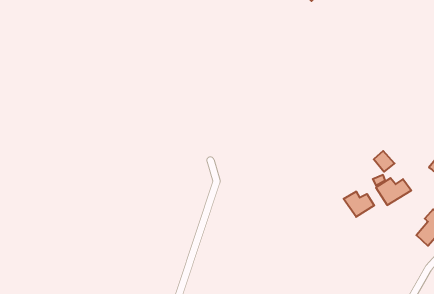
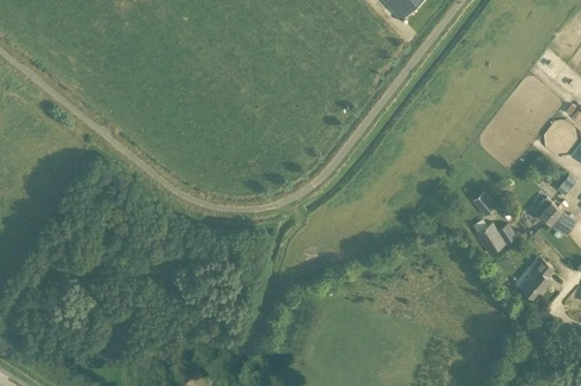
building: [344,191,374,217] -> none

